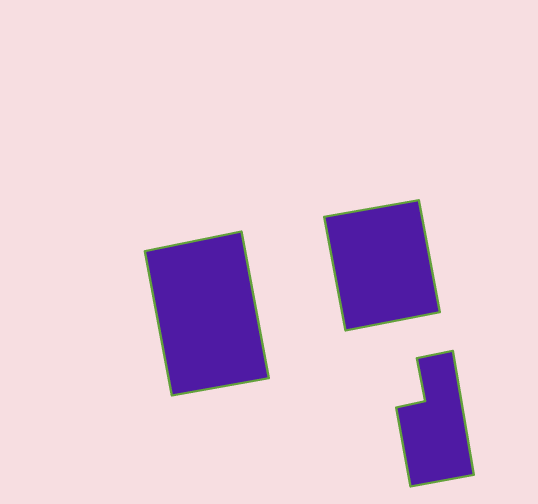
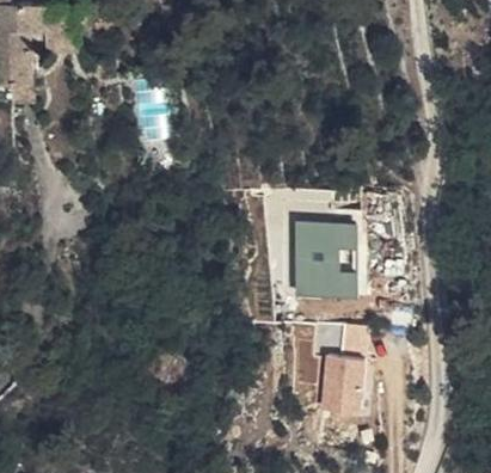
building: [145,231,269,395] -> none

